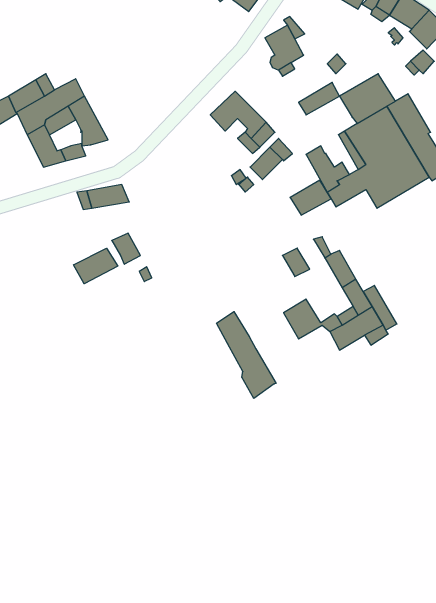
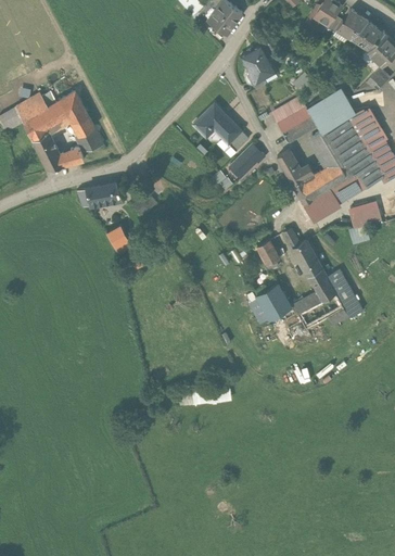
building: none -> [277,106,317,141]
building: [290,180,331,215] -> [303,188,339,218]
building: none -> [347,201,381,227]
building: [74,248,118,284] -> none
building: [217,312,276,398] -> none

